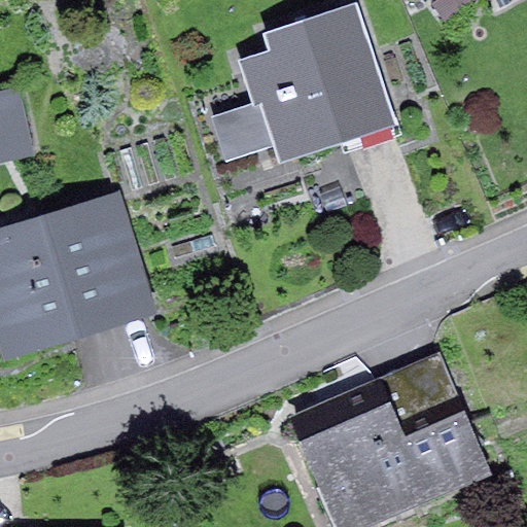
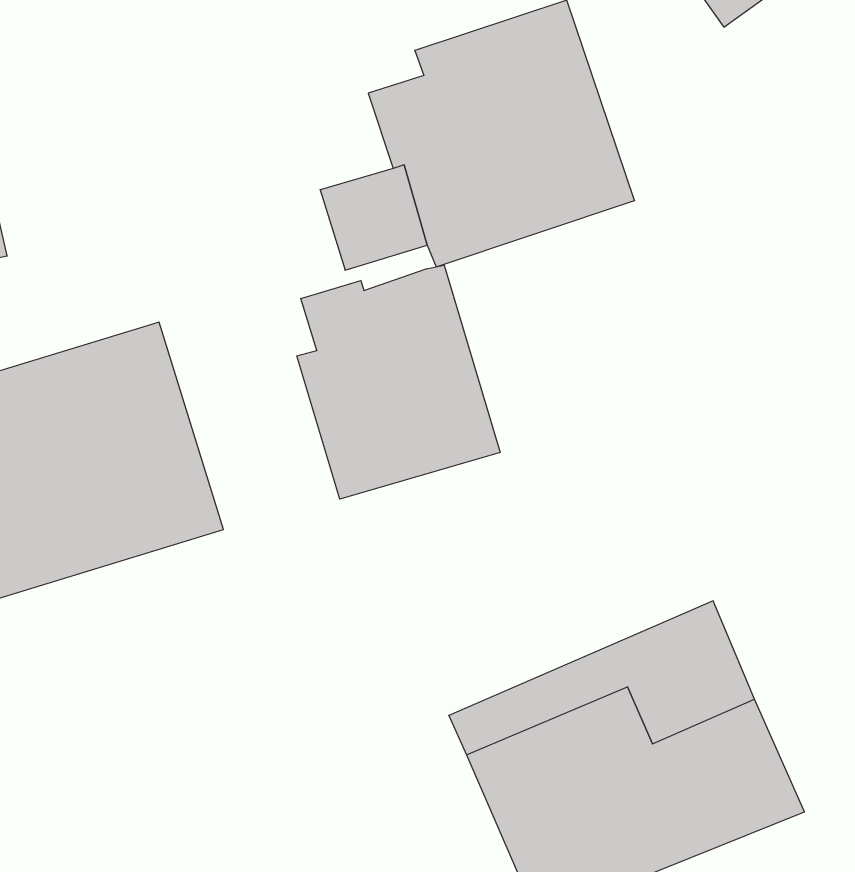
building: none -> [297,265,500,499]

